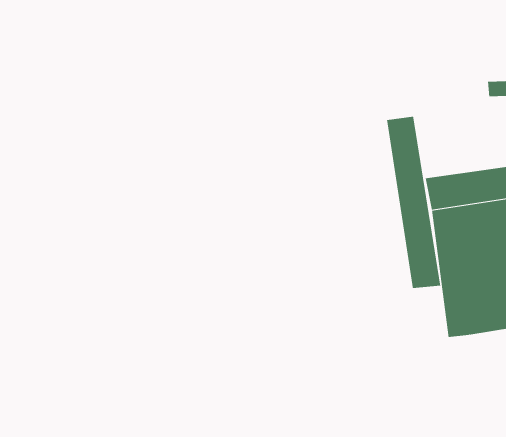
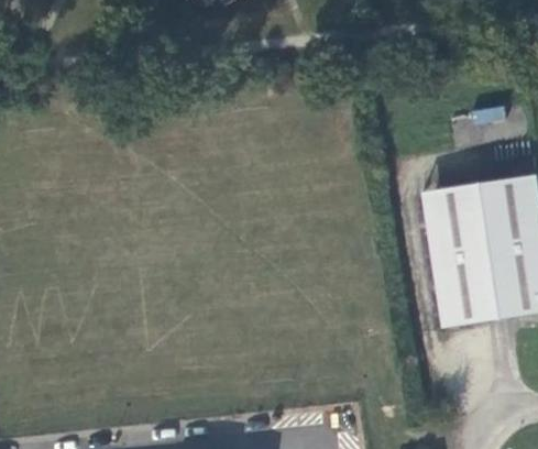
building: [387,116,441,289] -> none

